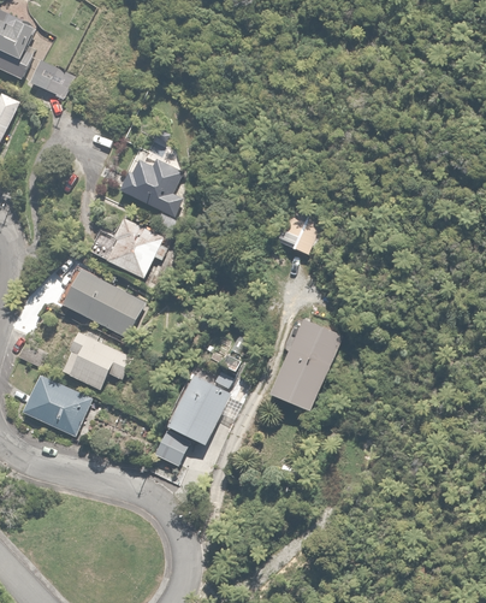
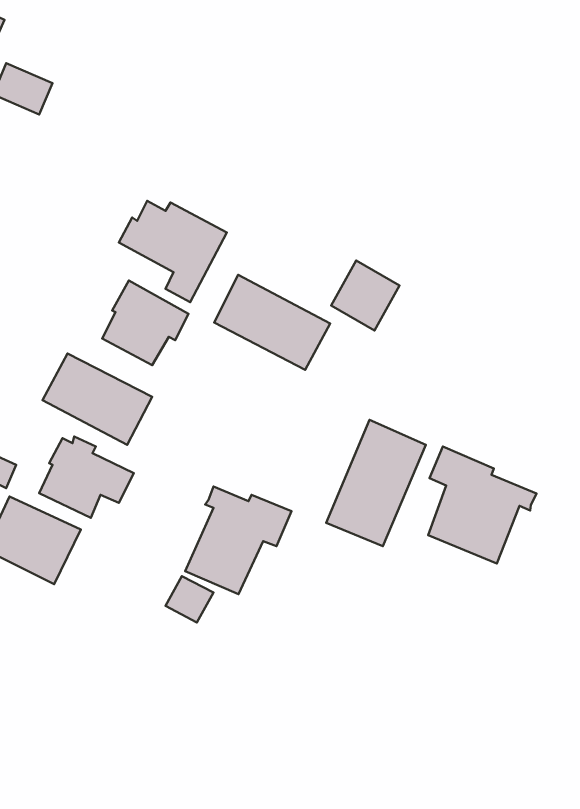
building: none -> [214,275,330,370]
building: none -> [428,447,537,564]

